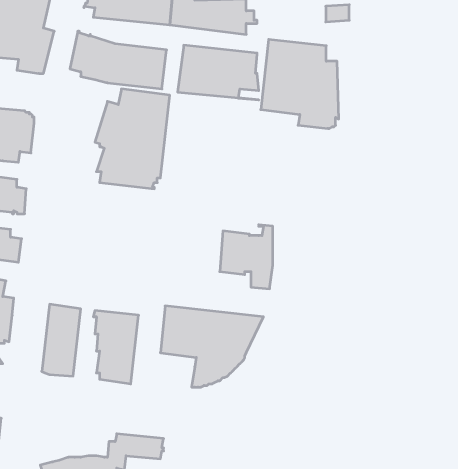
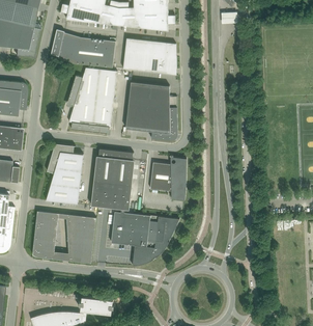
building: [261,39,339,128] -> [125,81,177,140]
building: none -> [46,143,83,203]
building: none -> [90,148,135,209]

